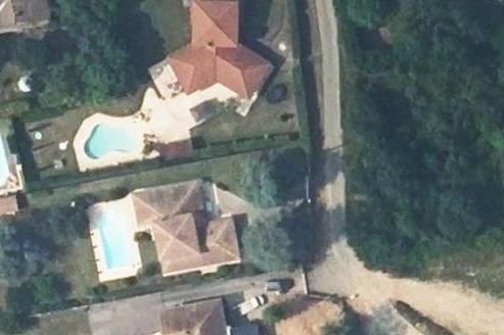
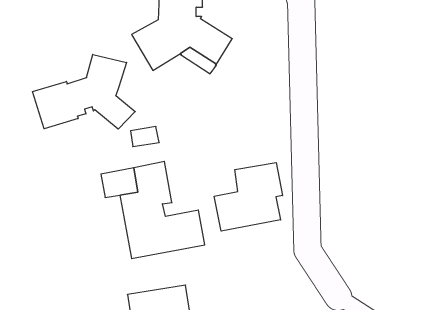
building: none -> [32,54,135,129]
building: none -> [214,163,282,231]

